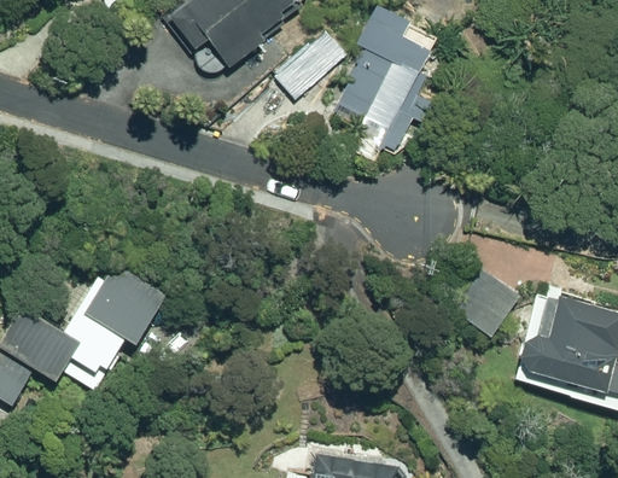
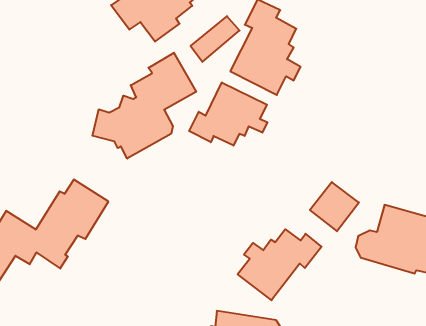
building: none -> [92,53,196,159]
building: none -> [189,82,267,146]
building: none -> [238,229,322,300]

